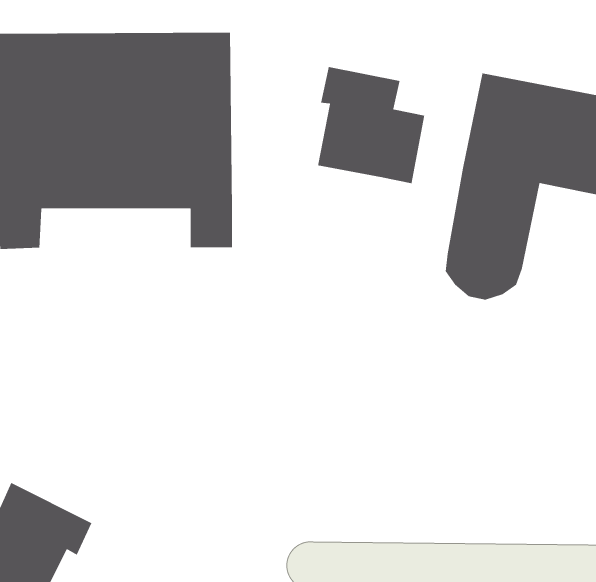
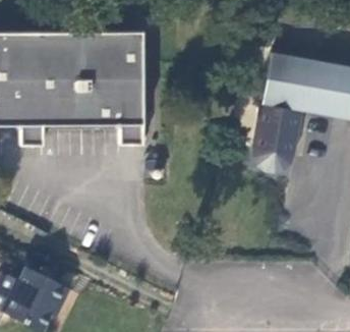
building: [317,66,425,184] -> none

